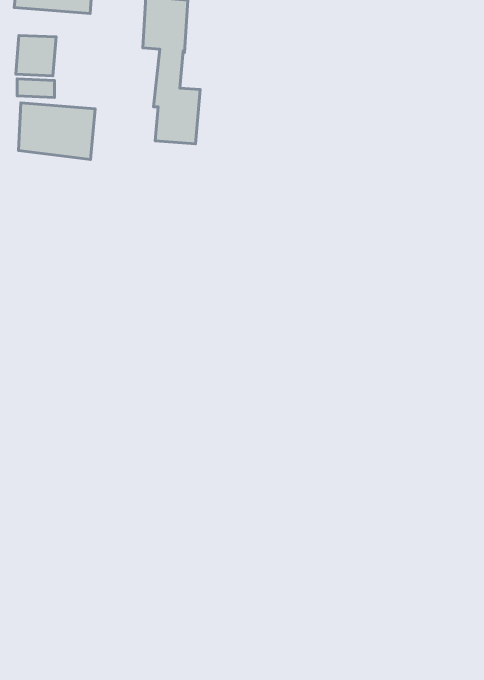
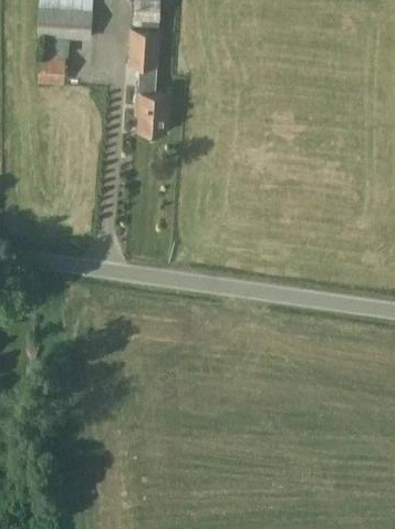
building: [18,103,95,160] -> none

